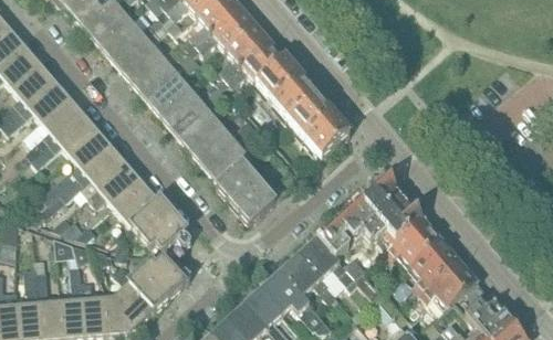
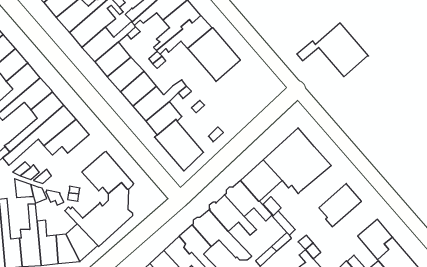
building: [265,93,349,156] -> [297,23,369,77]
building: [114,180,157,223] -> none
building: [389,216,440,266] -> none
building: [420,258,477,312] -> none

